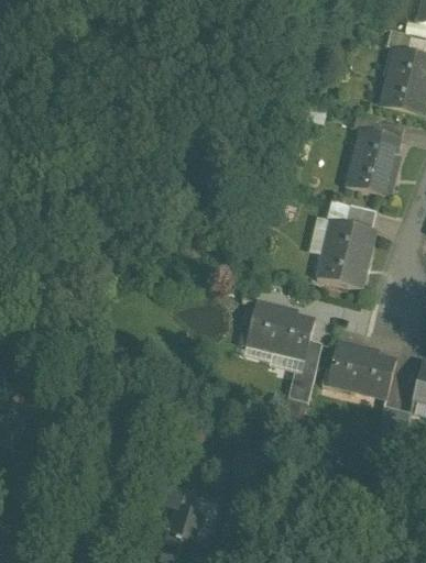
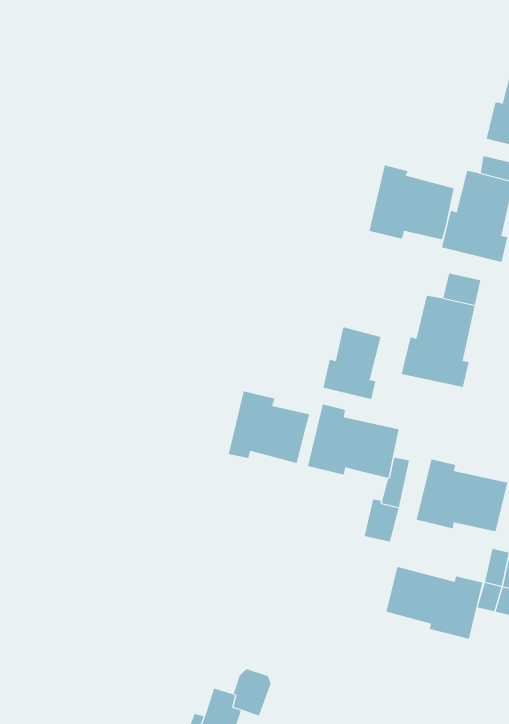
building: none -> [369,165,454,240]
building: none -> [323,326,381,400]
building: none -> [228,391,310,464]
building: none -> [386,566,483,639]

